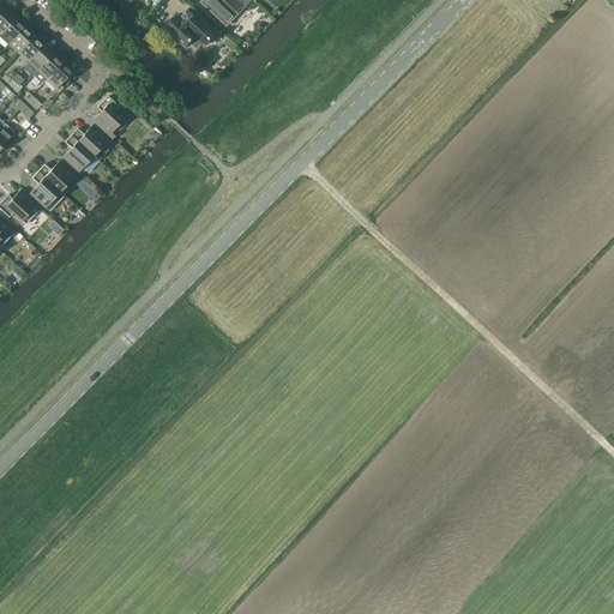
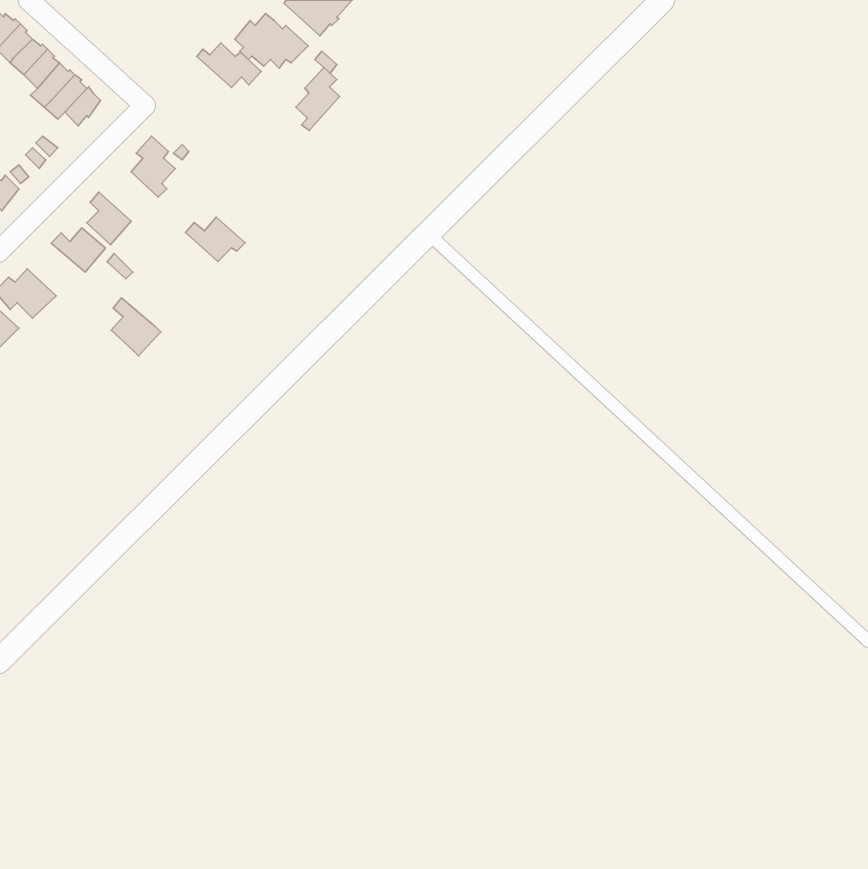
building: none -> [197,43,261,88]
building: none -> [296,67,340,131]
building: [70,125,112,156] -> [186,217,245,262]
building: [29,171,64,212] -> [111,298,161,356]

